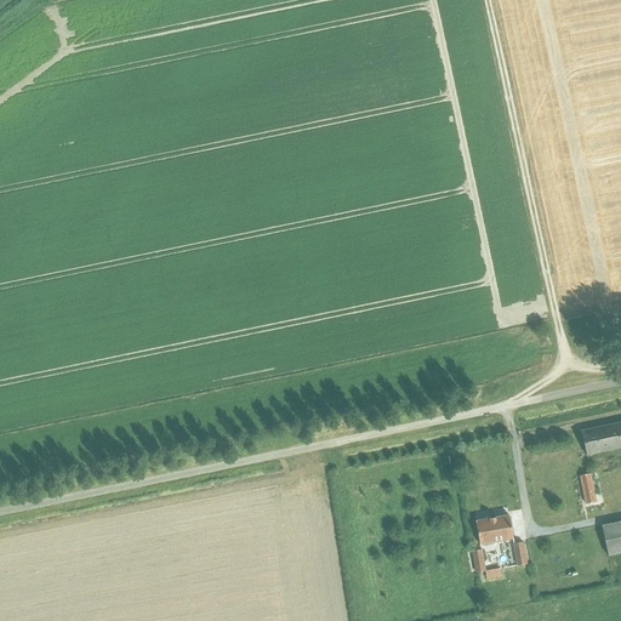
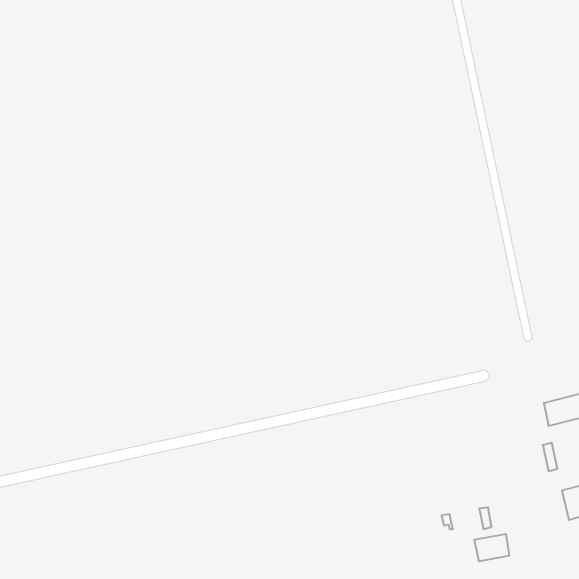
building: [475,514,513,543] -> [474,534,509,561]

